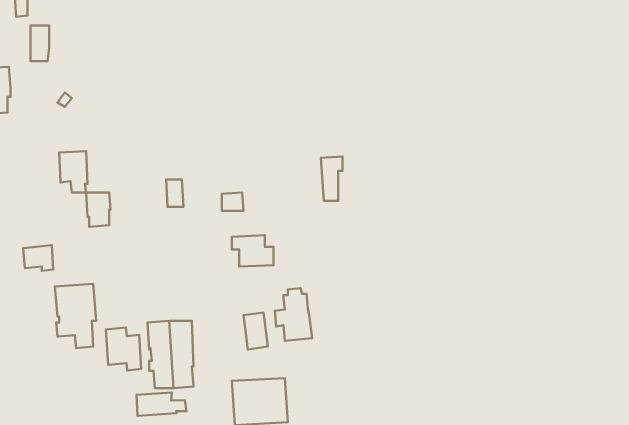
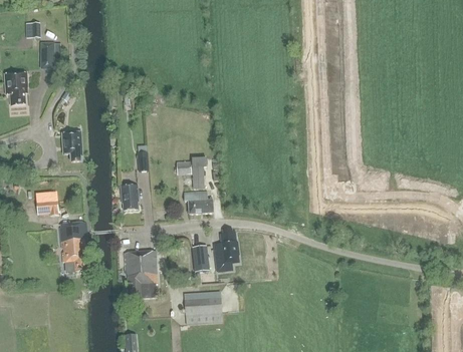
building: [321,157,342,201] -> [191,155,206,187]
building: [86,192,110,227] -> [122,185,139,209]
building: [106,327,141,370] -> none
building: [136,393,186,416] -> none

